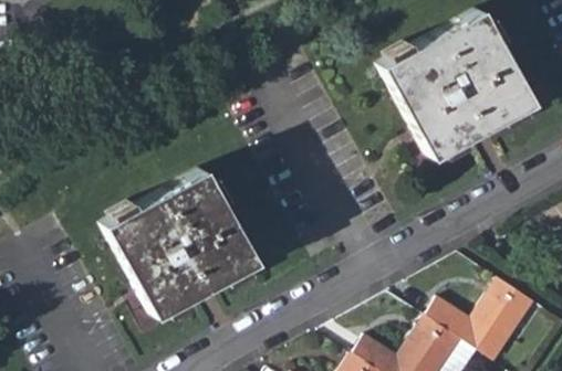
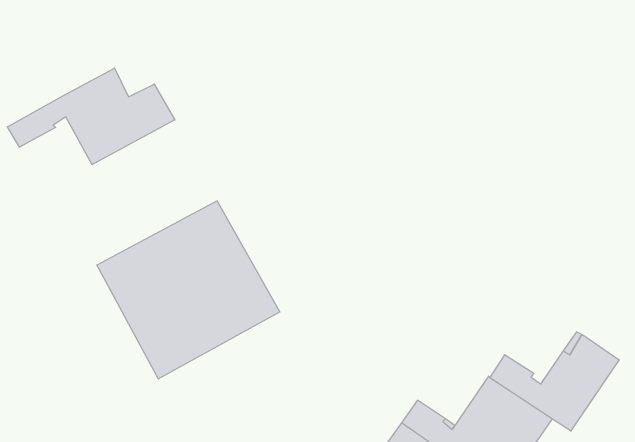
building: [377,9,528,156] -> none
building: none -> [7,68,175,165]

